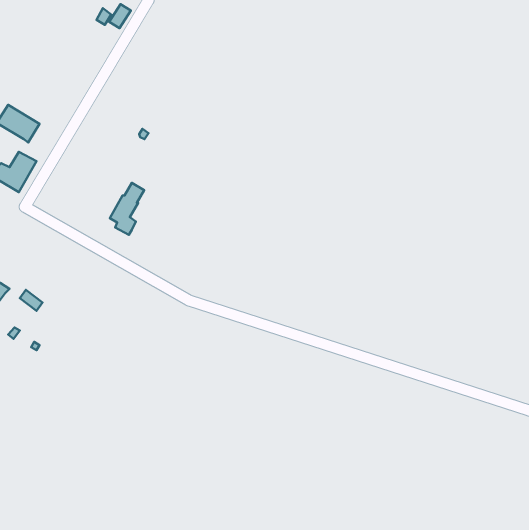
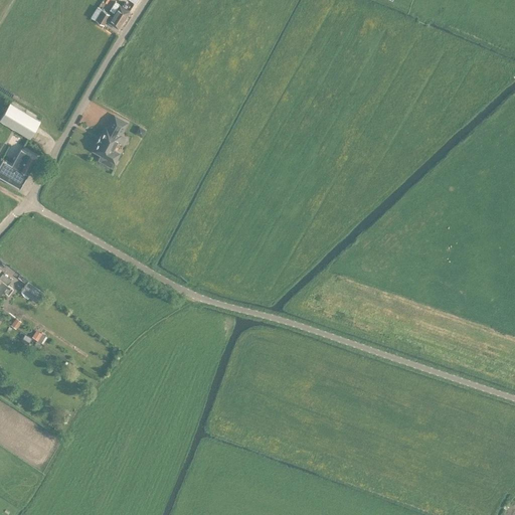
building: [110,183,144,235] -> [92,116,125,166]

